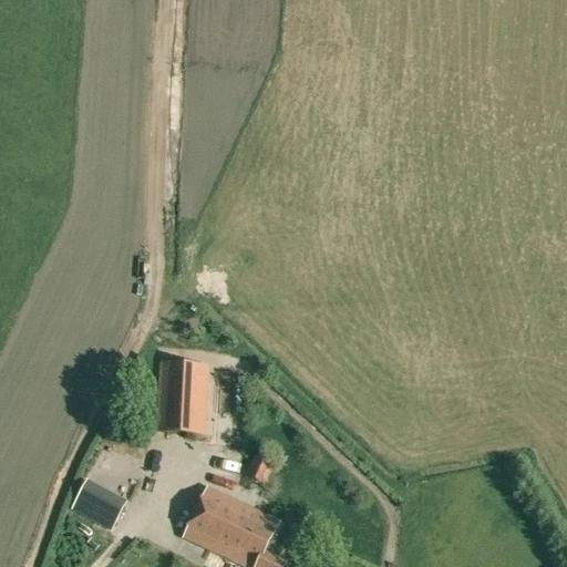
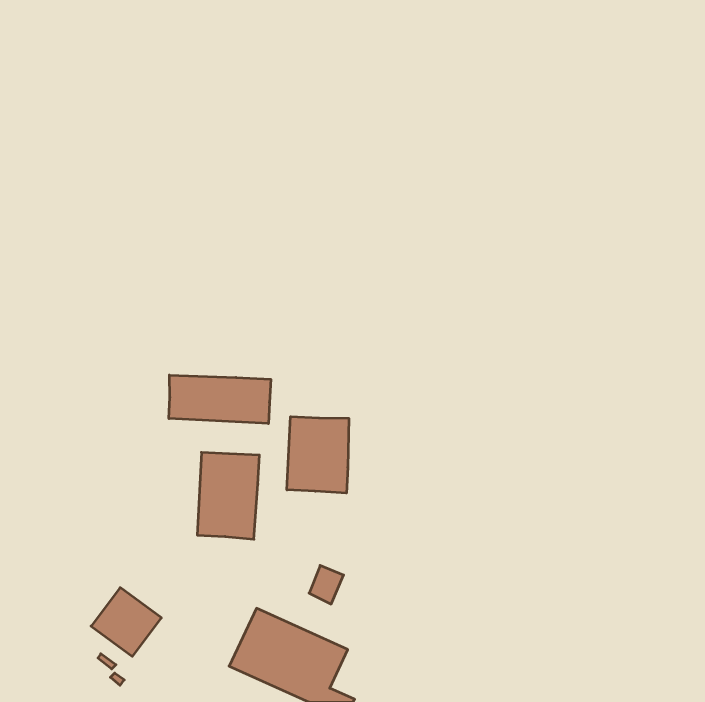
building: none -> [169,375,271,424]
building: none -> [287,417,349,493]

